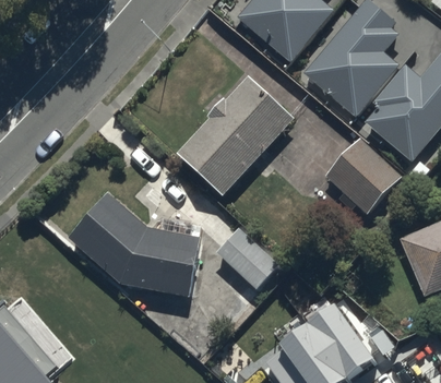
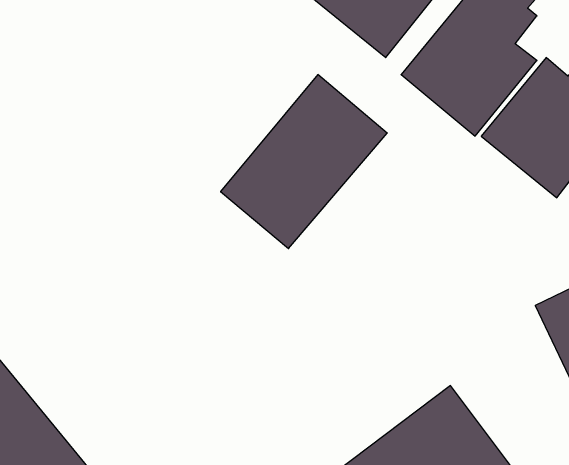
building: [325,134,406,214] -> none
building: [69,193,202,297] -> none
building: [217,228,281,291] -> none

